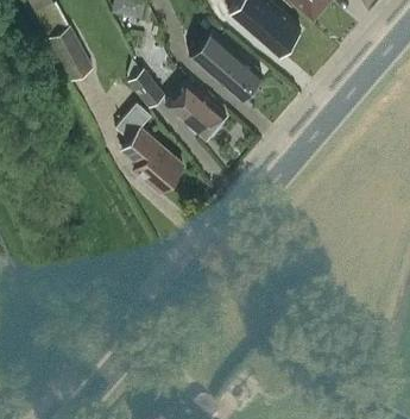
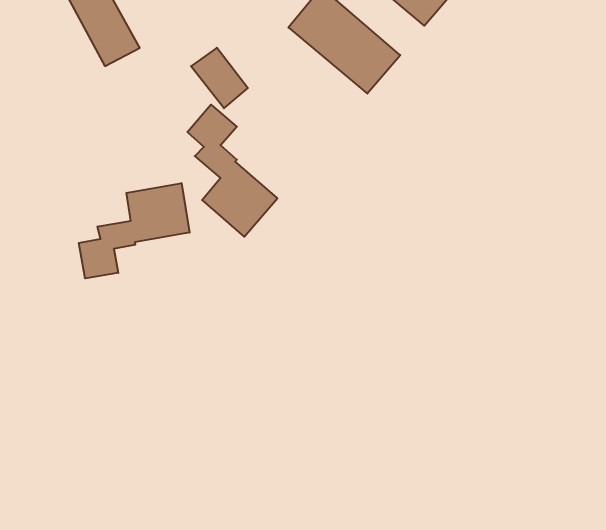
building: [165,81,227,139] -> none
building: none -> [79,183,190,278]

